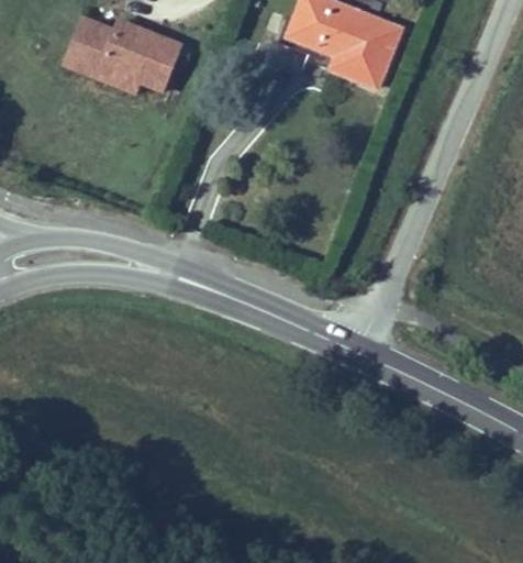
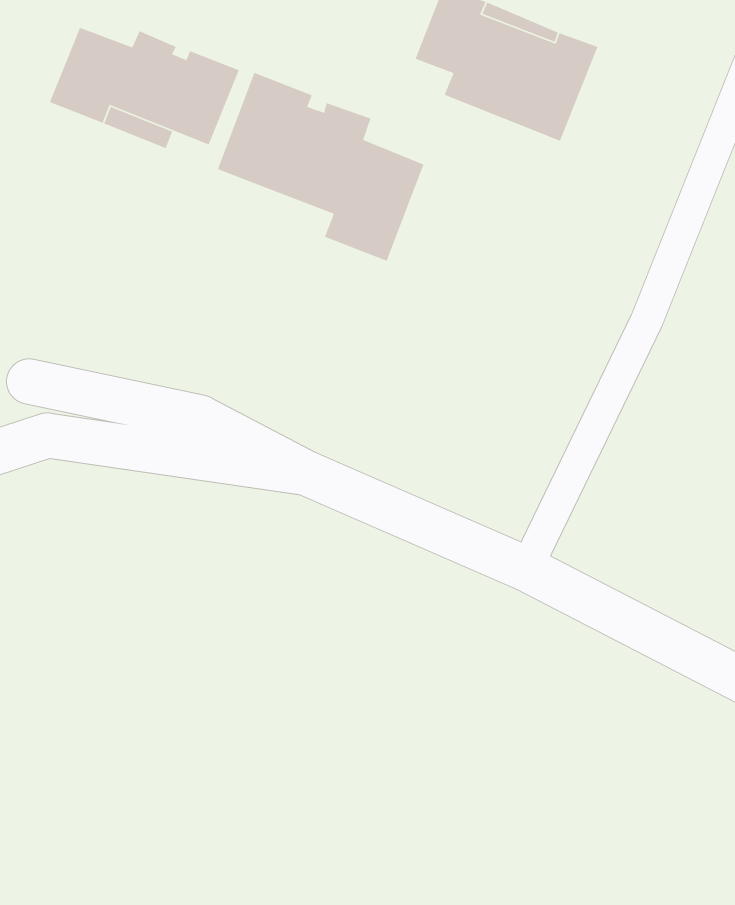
building: none -> [217,72,424,262]

